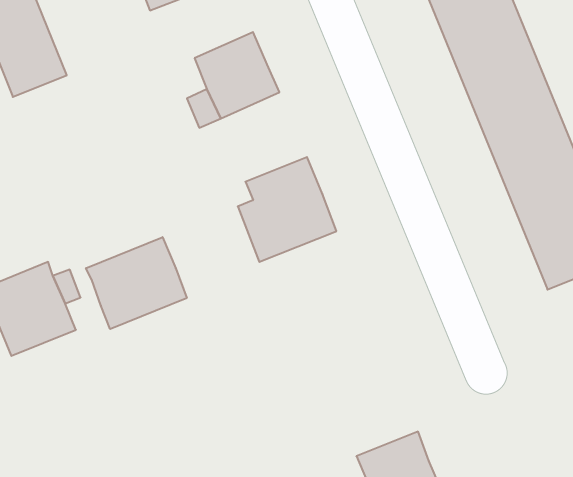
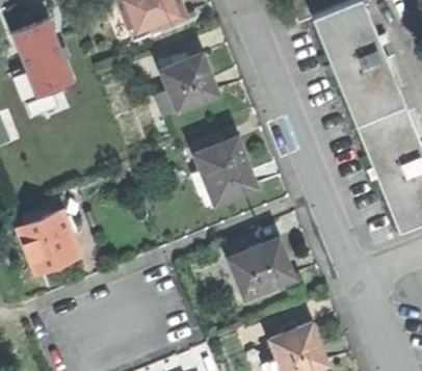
building: [86,237,187,329] -> none
building: none -> [229,239,293,297]

